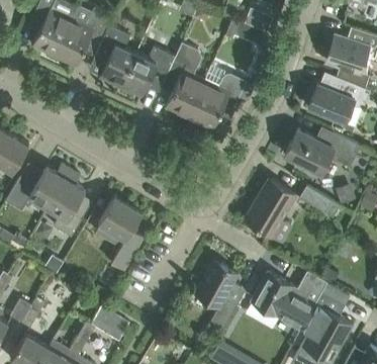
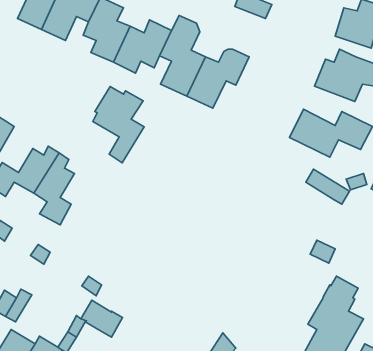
building: [245,181,295,236] -> none
building: [96,200,144,271] -> [93,87,144,163]
building: [195,261,239,335] -> none
building: [251,272,327,331] -> none

